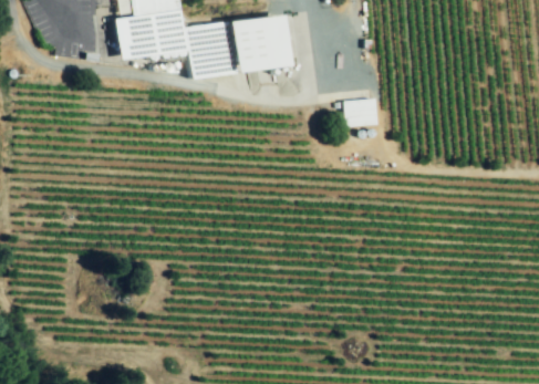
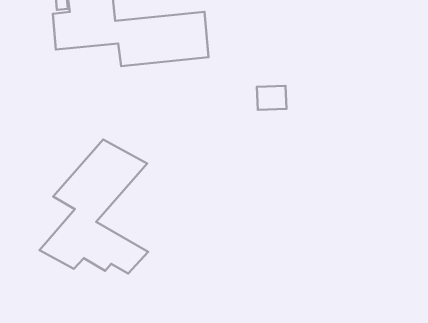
building: none -> [39,139,148,273]

